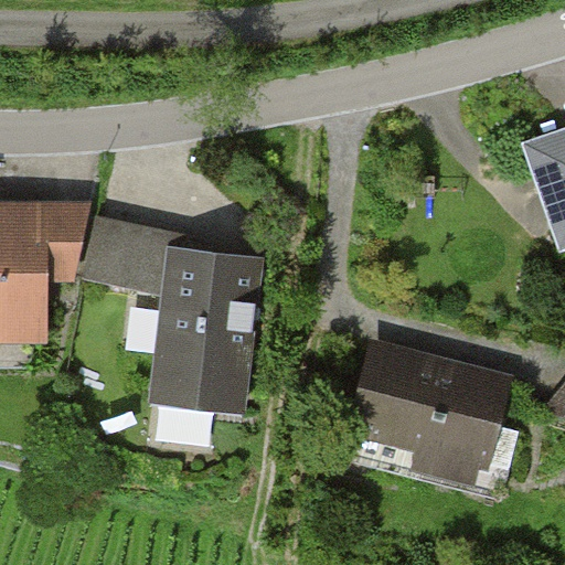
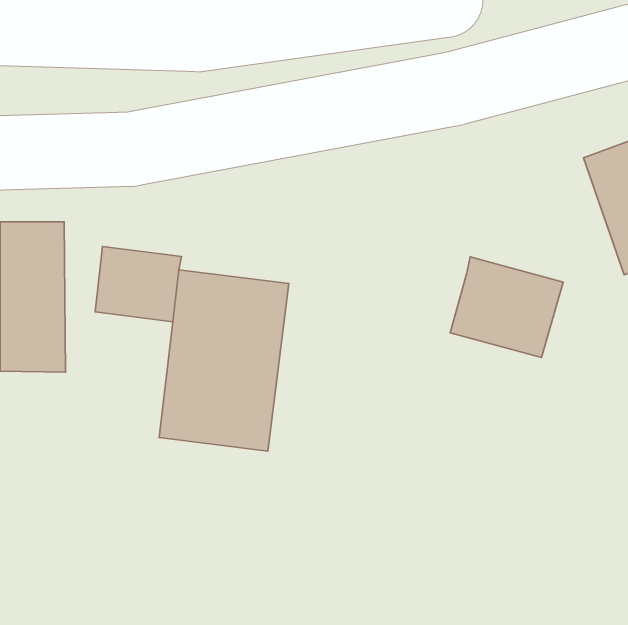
building: none -> [450,257,563,357]
building: [342,339,516,483] -> none

